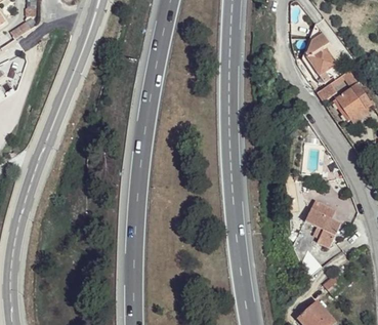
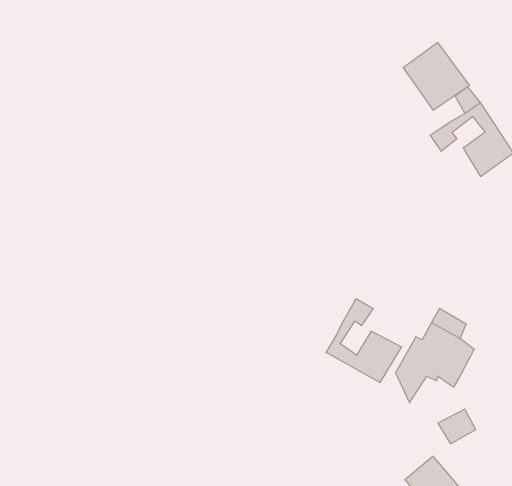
building: none -> [326,299,402,382]

